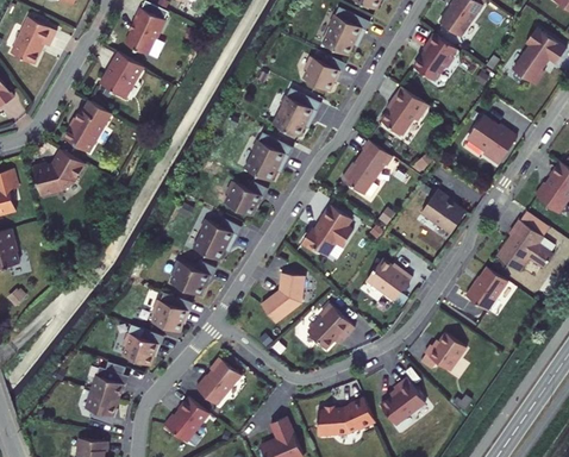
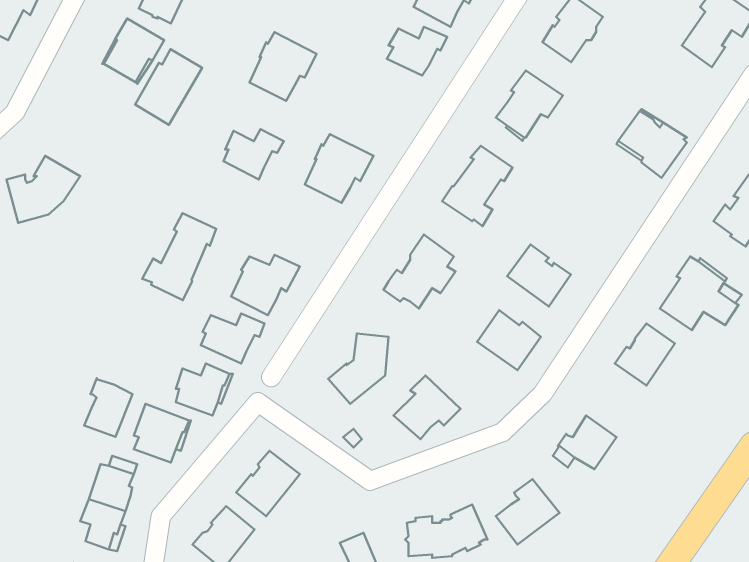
building: [275,90,323,139] -> [249,32,316,101]
building: [63,99,111,152] -> [135,49,202,125]
building: [225,181,268,217] -> [224,129,284,180]
building: none -> [142,213,216,300]
building: [420,190,465,234] -> [507,244,571,306]
building: none -> [84,378,132,437]

